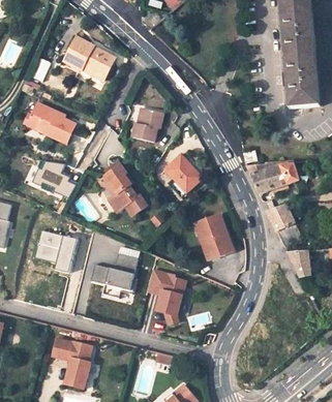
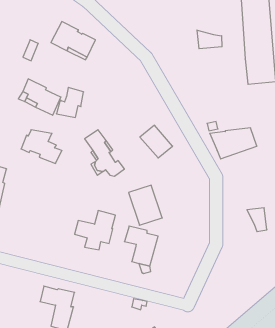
building: none -> [197,30,222,49]
building: [130,107,161,142] -> [56,87,84,117]
building: [266,203,302,246] -> none
building: [194,215,233,260] -> [129,185,162,225]
building: [34,229,77,273] -> none

